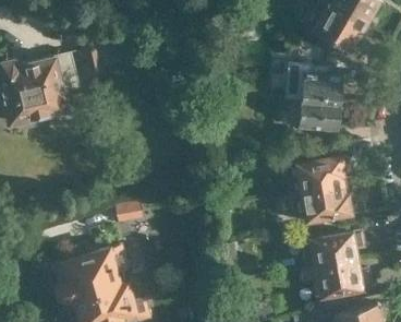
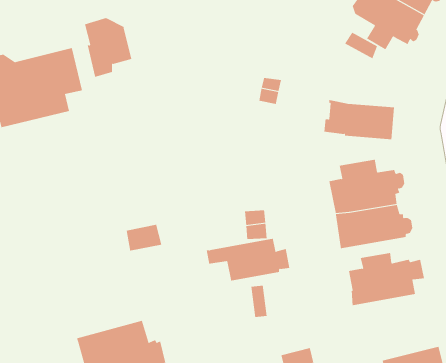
building: [284,70,342,104] -> none
building: [54,247,126,303] -> none
building: [301,261,372,297] -> [206,238,290,281]

